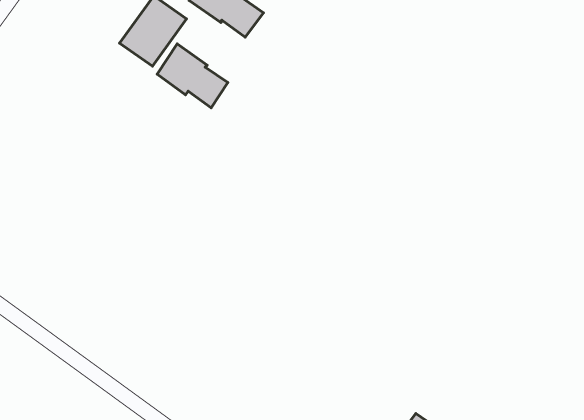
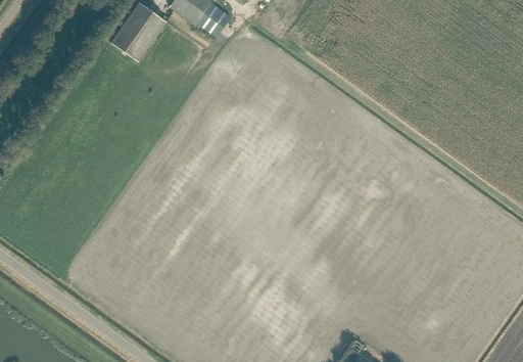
building: [157,44,228,108] -> none

